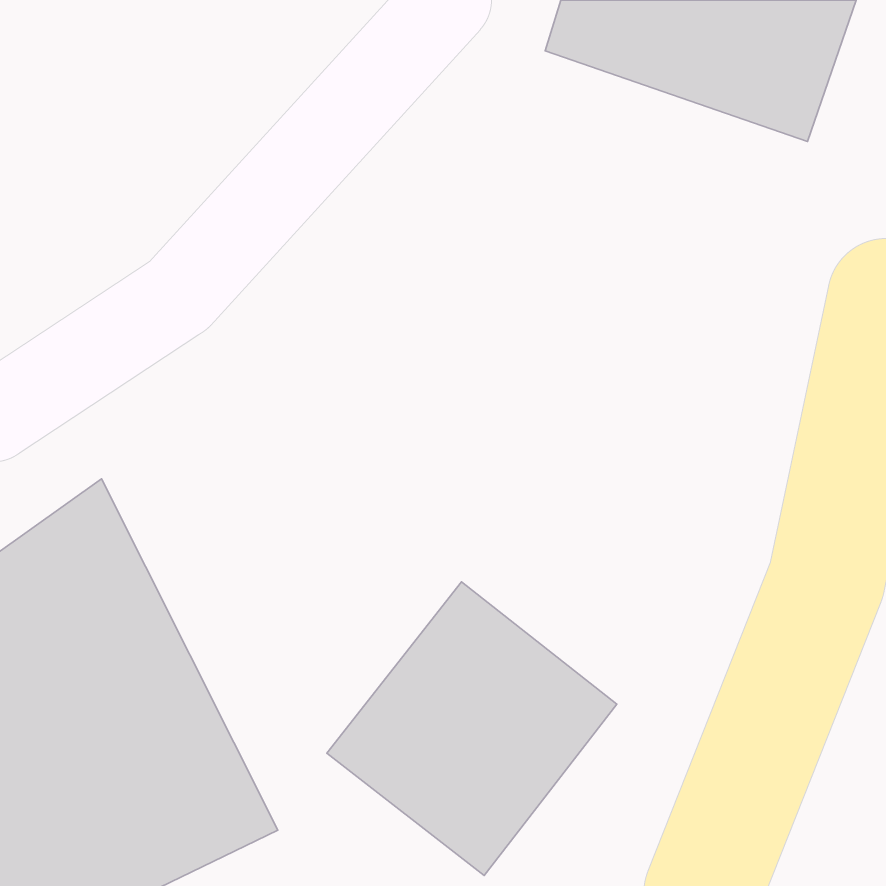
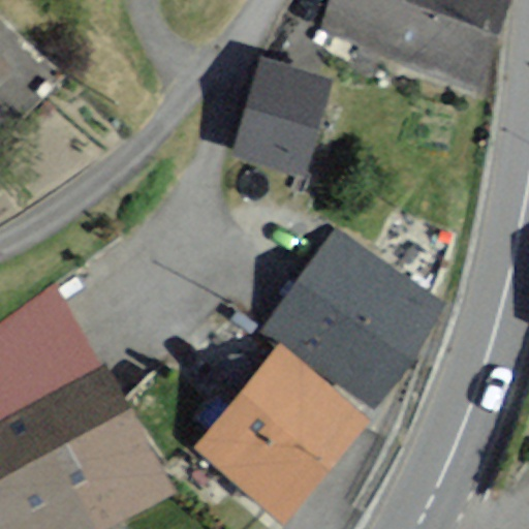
building: none -> [228,59,331,177]
building: none -> [260,229,445,411]

